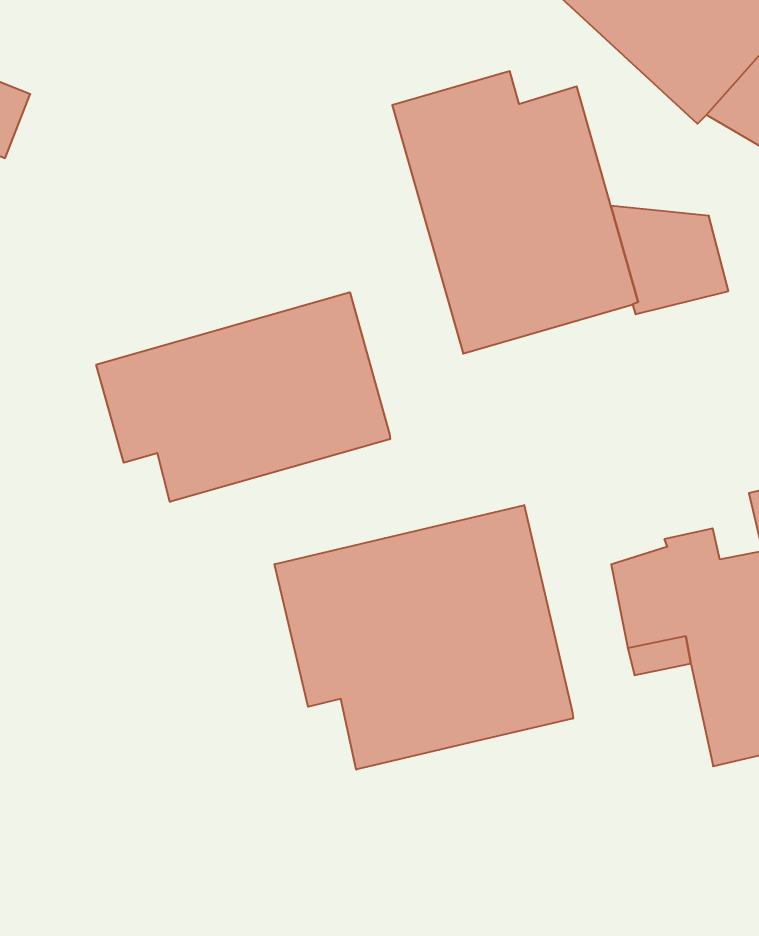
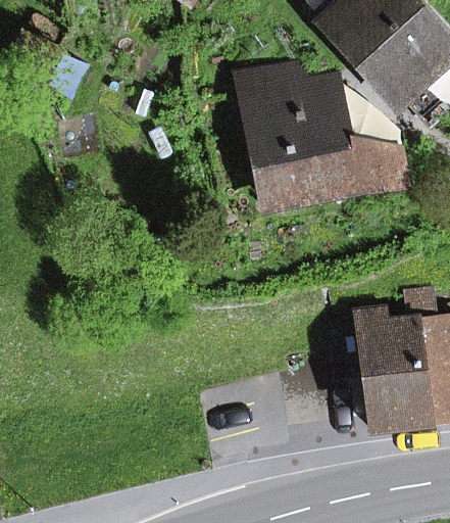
building: [96,292,390,502] -> none
building: [275,505,573,770] -> none

